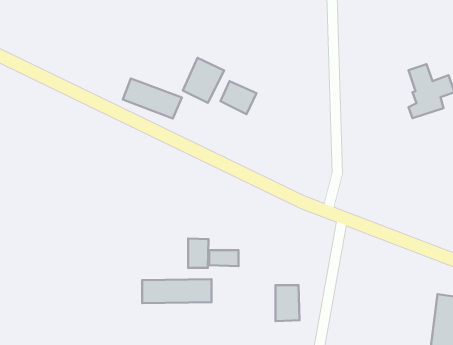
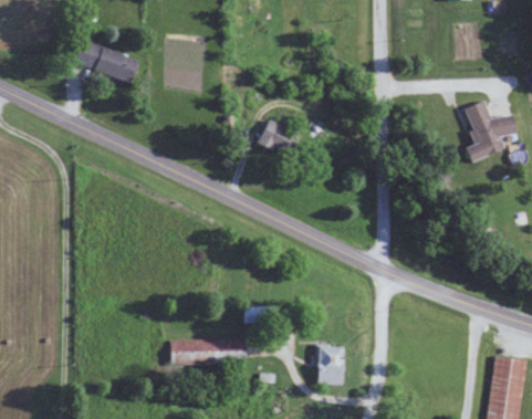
building: [183,58,224,103] -> none
building: [123,79,182,119] -> [73,39,138,83]
building: [188,238,209,268] -> none

